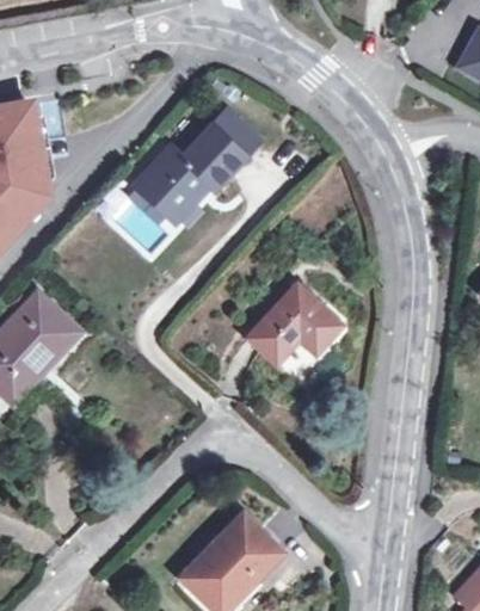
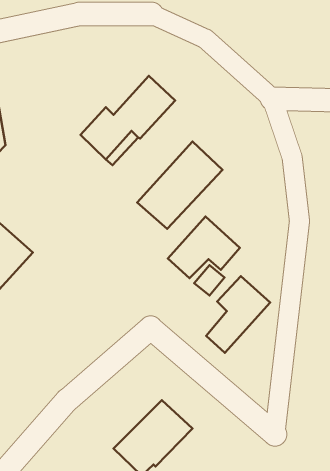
building: none -> [137,142,222,229]
building: none -> [206,276,270,353]

